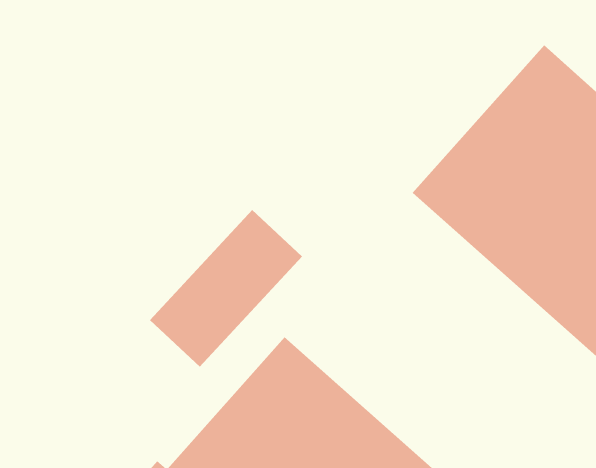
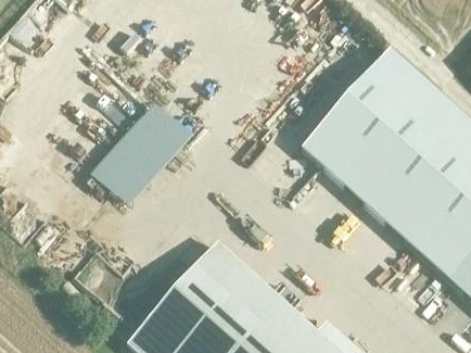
building: [149,209,303,367] -> [92,96,194,201]

